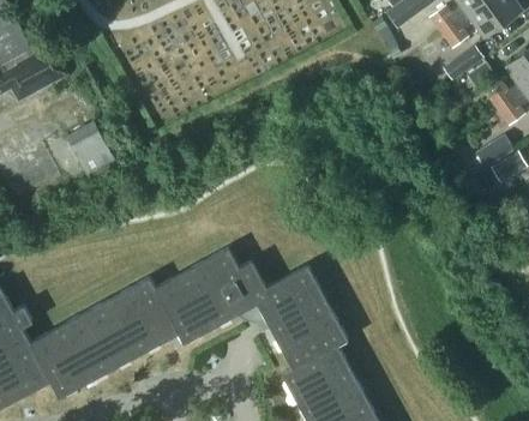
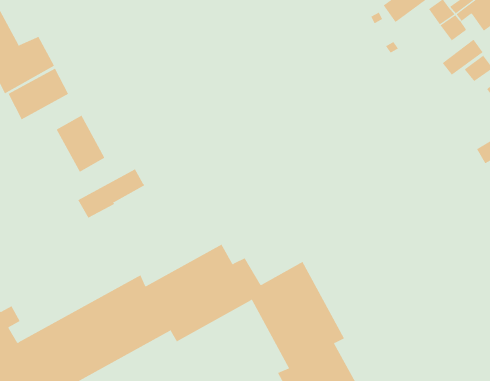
building: none -> [8,68,69,120]
building: none -> [77,169,145,219]

